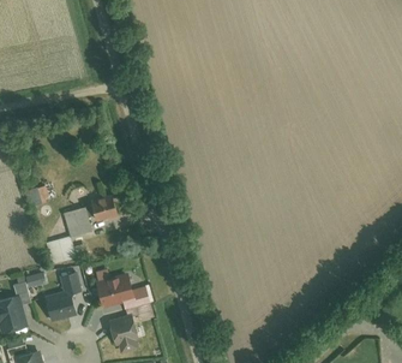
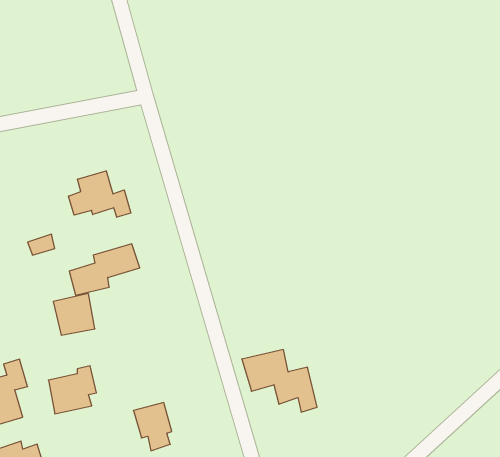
building: none -> [68,171,131,217]
building: [96,272,152,319] -> [242,350,317,412]

